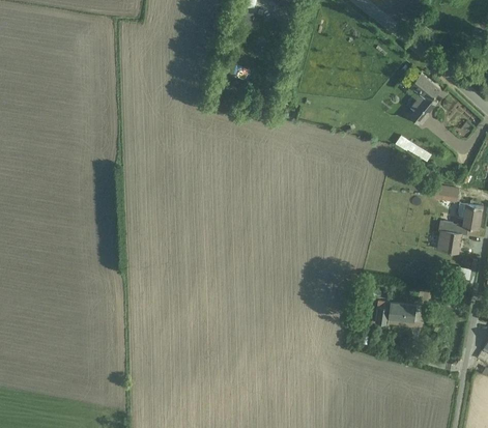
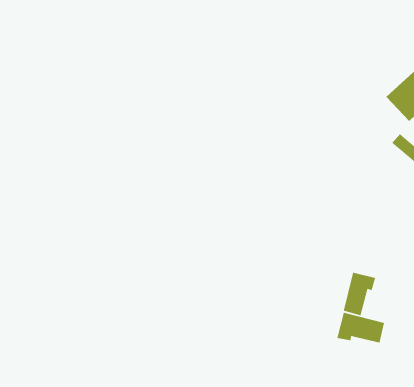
building: none -> [343,272,376,316]

